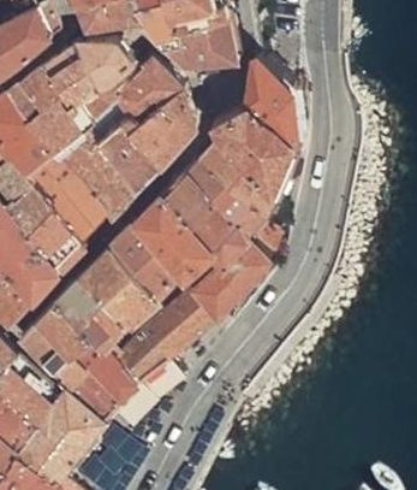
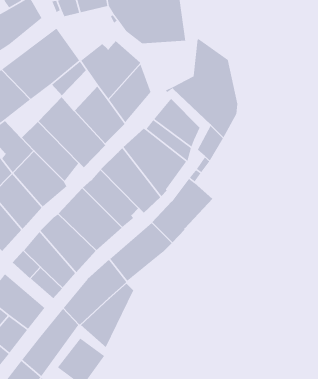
building: [76,45,132,87] -> none
building: [11,117,82,183] -> none

